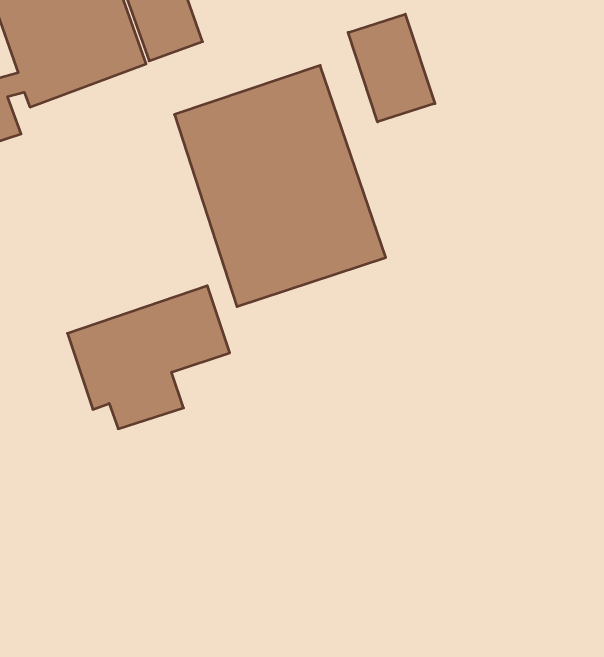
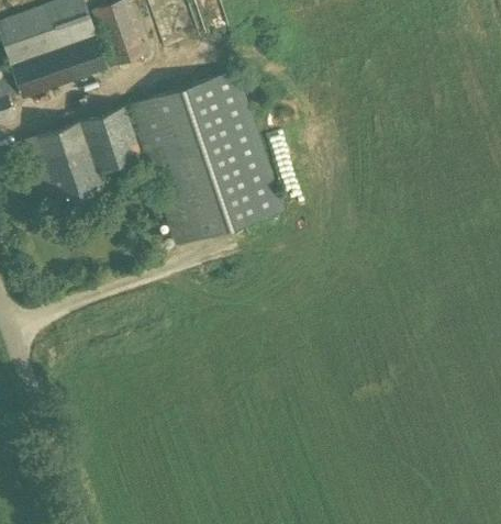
building: [348,14,435,122] -> none
building: [67,286,230,429] -> [23,107,143,212]

